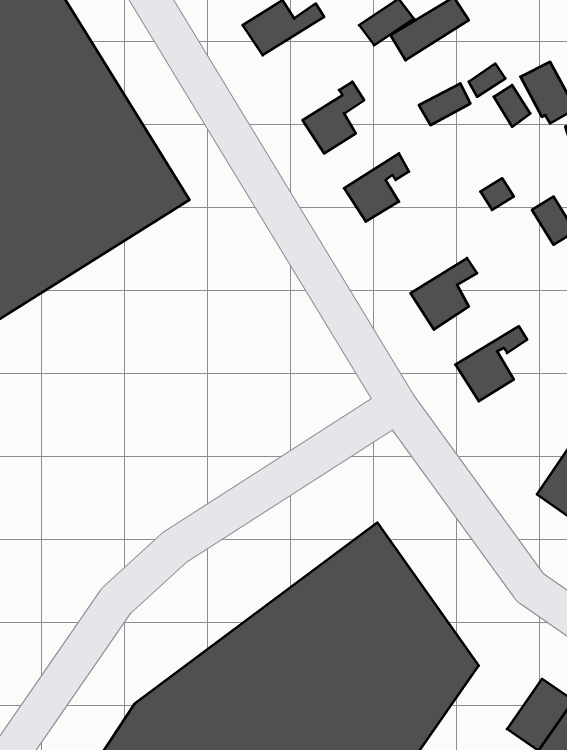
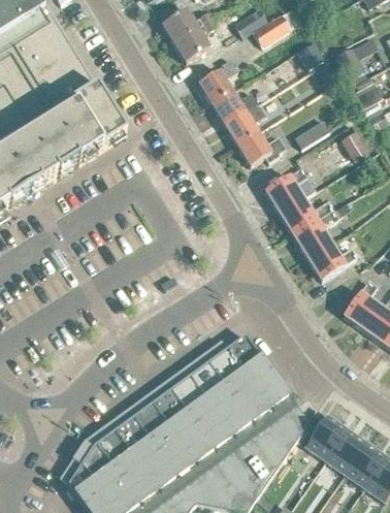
building: none -> [172,18,215,60]
building: none -> [210,90,257,124]
building: none -> [236,132,284,164]
building: none -> [279,197,331,233]
building: none -> [306,243,355,279]
building: none -> [303,414,346,459]

